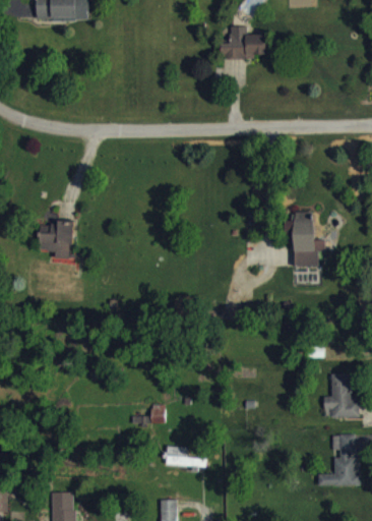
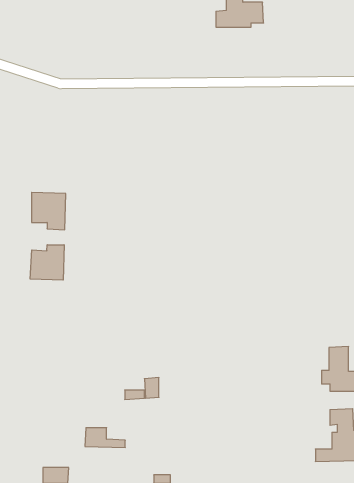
building: [284,212,319,267] -> none
building: none -> [30,245,64,280]
building: [166,447,205,466] -> [85,428,125,447]

